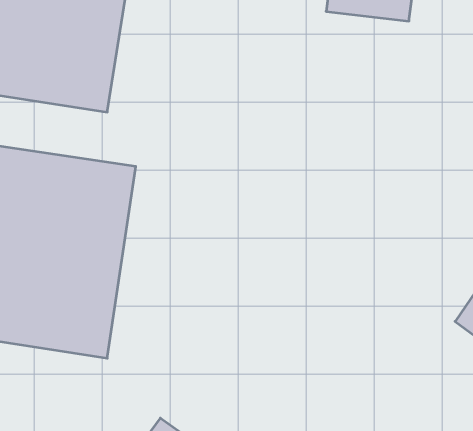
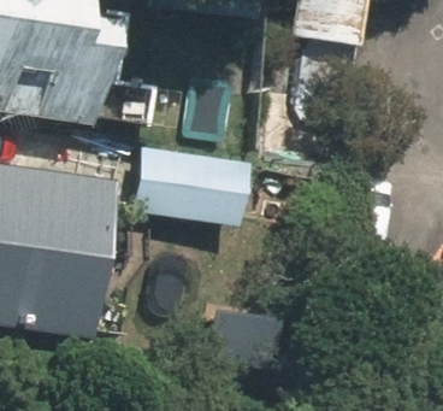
building: none -> [137,143,264,227]

